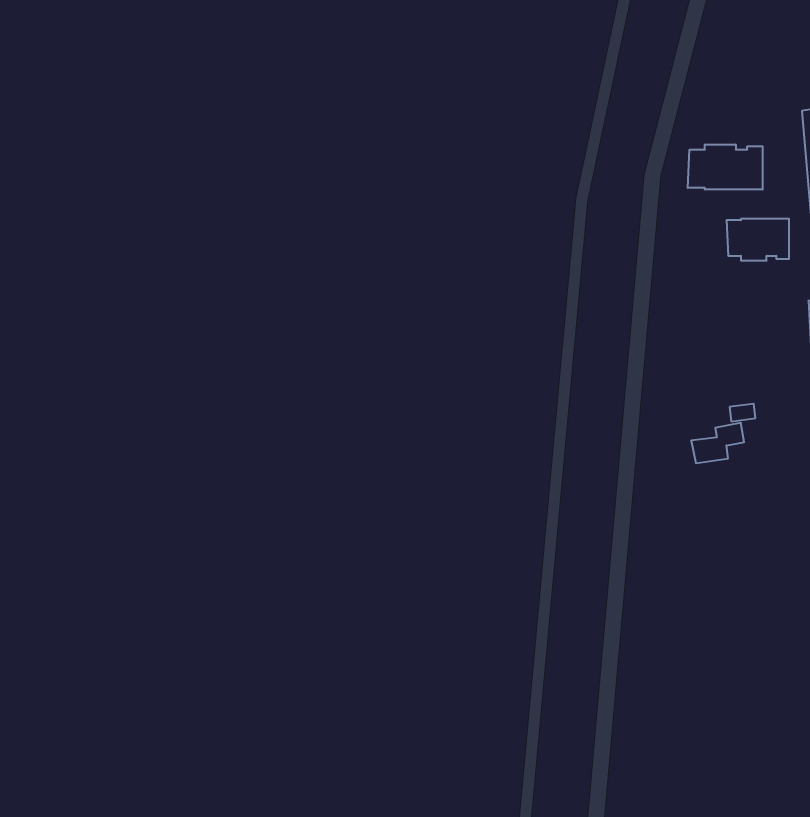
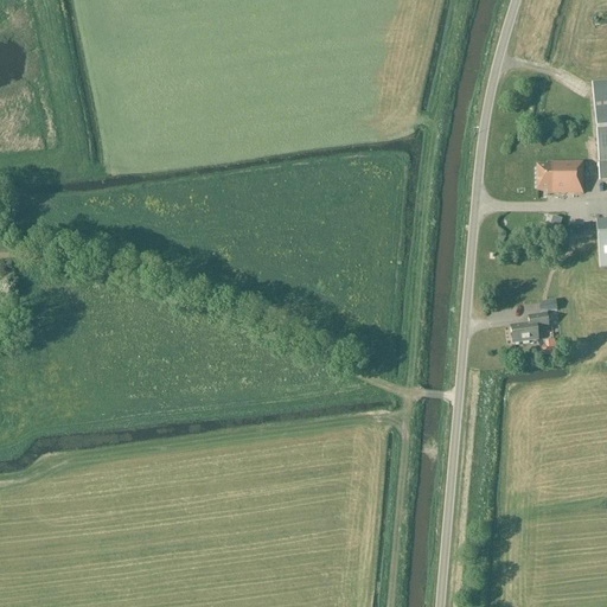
building: [688,144,763,190] -> none

